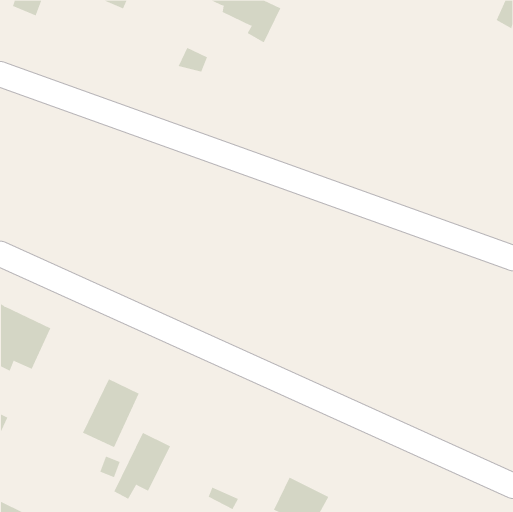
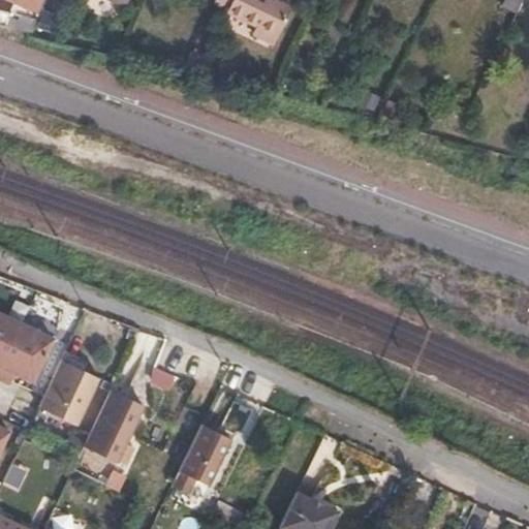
building: none -> [39,360,100,425]
building: [113,432,171,499] -> [172,425,230,494]

